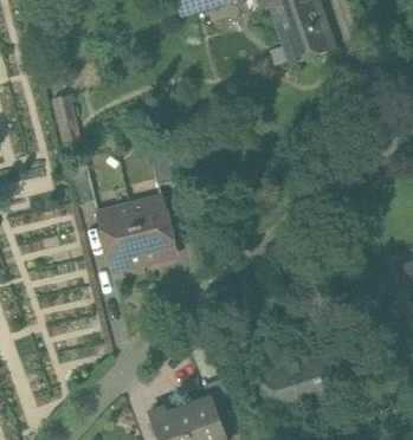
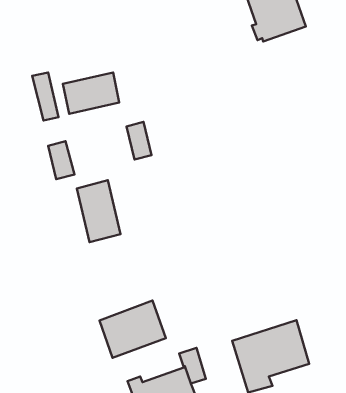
building: none -> [63,72,119,114]
building: [130,198,175,261] -> none
building: none -> [99,301,166,358]

